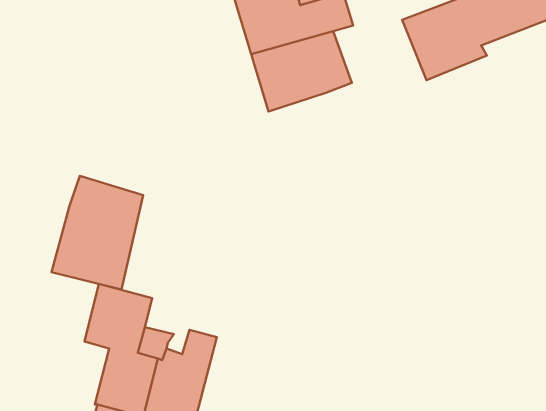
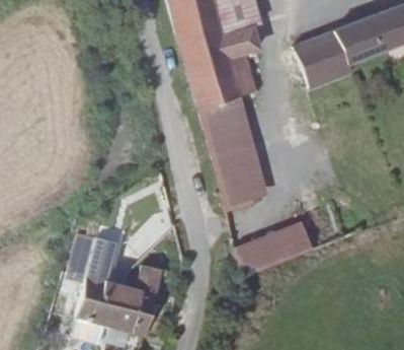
building: none -> [199,96,266,210]
building: [51,176,143,290] -> none
building: none -> [233,222,312,277]

